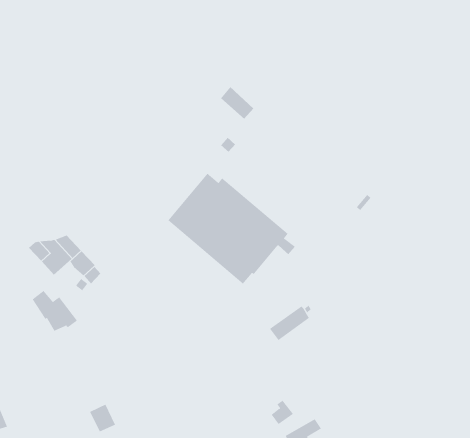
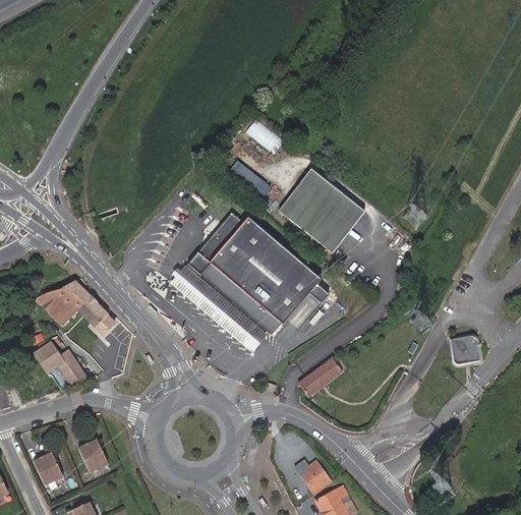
building: none -> [281,172,364,251]
building: none -> [171,267,264,349]
building: none -> [453,337,478,362]
building: none -> [36,452,65,484]
building: [89,404,116,432] -> [80,439,110,470]

